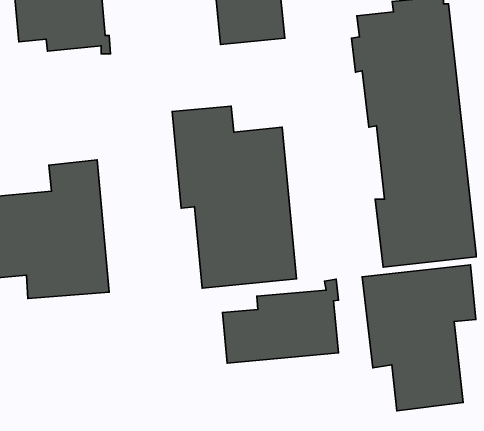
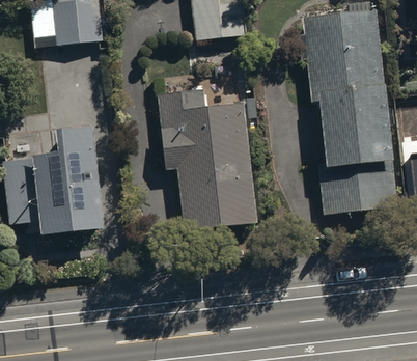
building: [362,265,476,411] -> none
building: [222,279,339,363] -> none

